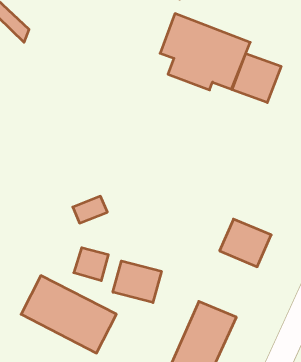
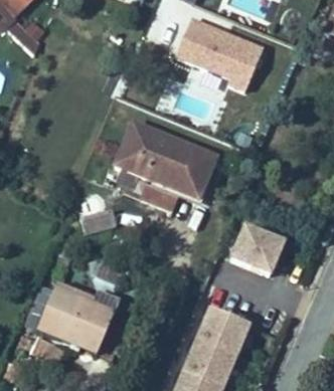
building: [232,53,281,103] -> none
building: none -> [112,118,212,208]
building: [113,261,161,303] -> none

